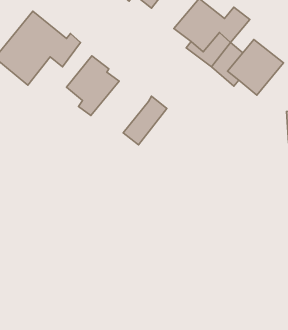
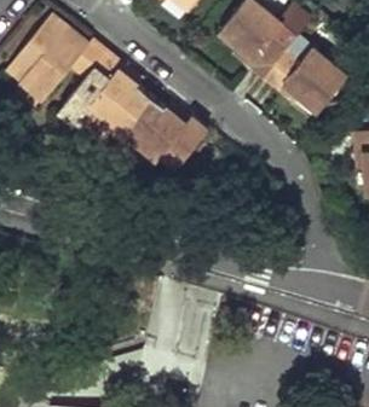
building: none -> [59,52,123,141]
building: none -> [120,98,189,159]

